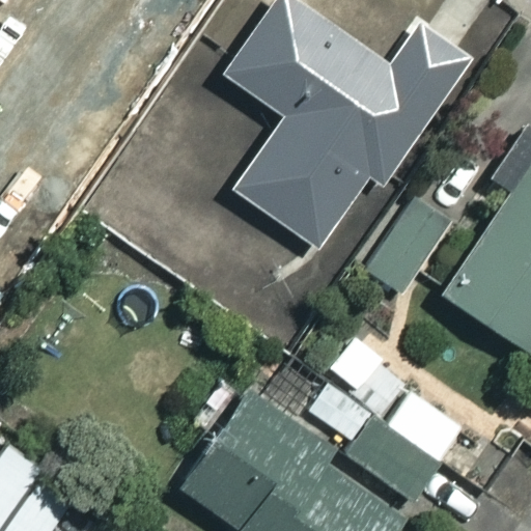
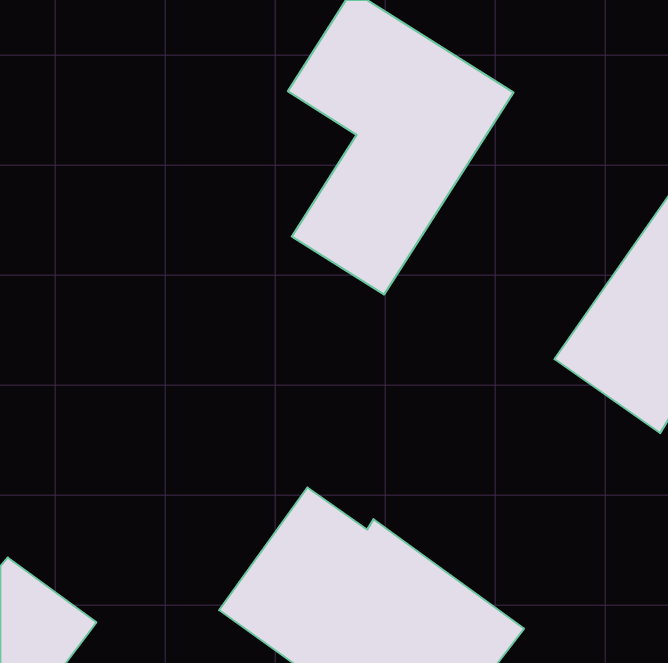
building: [299,344,470,503] -> none

